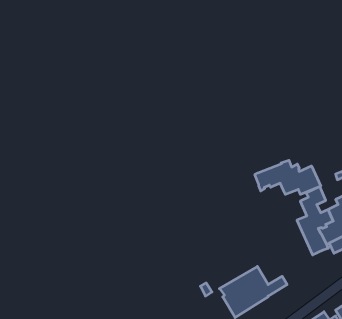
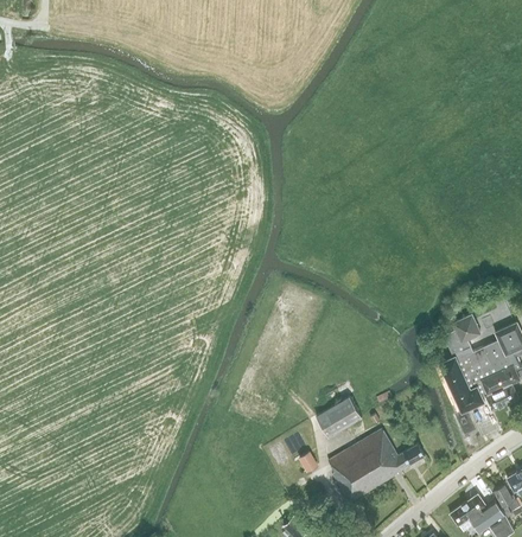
building: [255,160,321,194] -> none
building: none -> [317,396,361,437]

